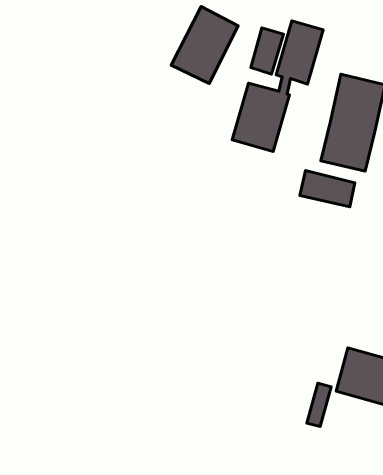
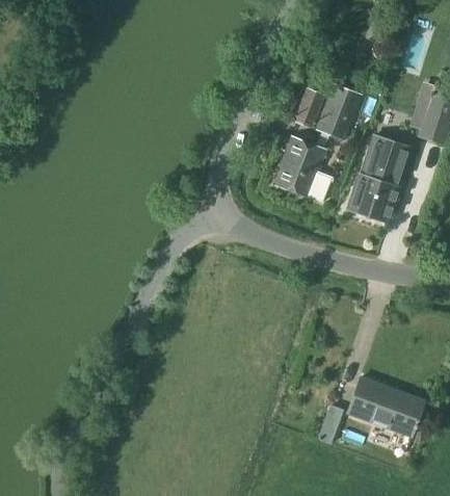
building: [171,7,238,84] -> none
building: [300,171,355,207] -> none

